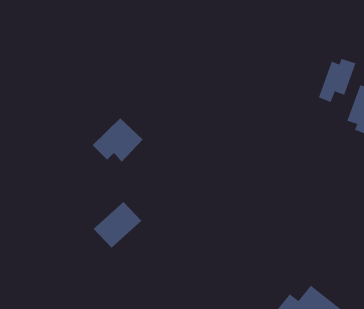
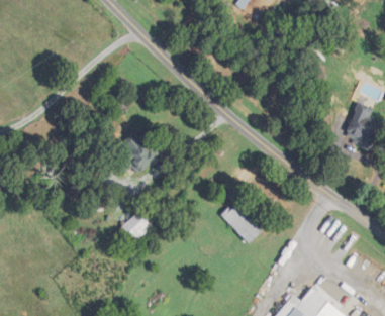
building: [318,58,356,103] -> none
building: none -> [220,201,262,242]

